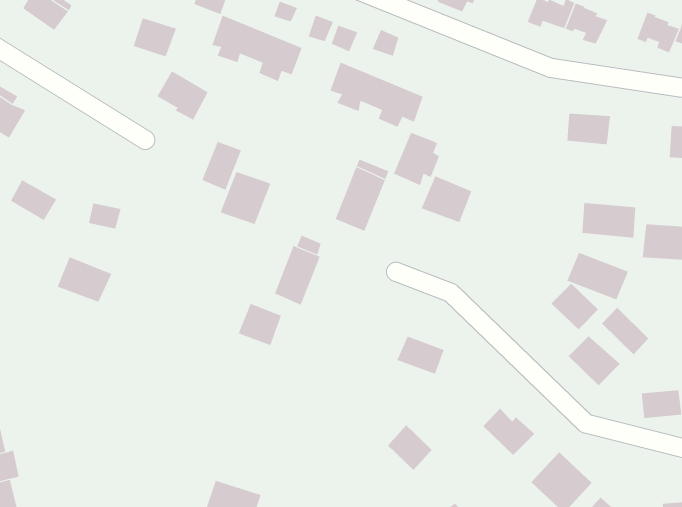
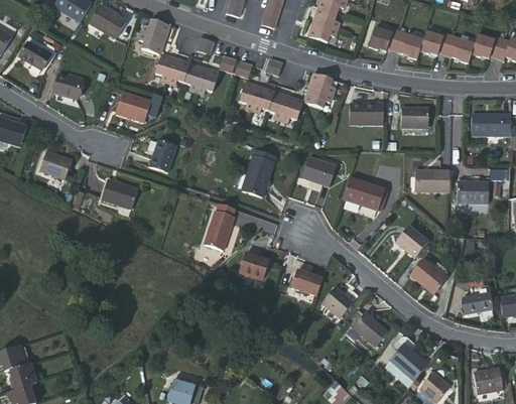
building: none -> [419,32,448,53]
building: [133,17,177,57] -> [52,74,82,100]
building: none -> [348,101,383,124]
building: [393,132,440,186] -> [301,74,333,110]
building: [220,171,271,225] -> none
building: [10,180,57,221] -> [44,152,77,179]
building: [566,252,629,300] -> [343,175,385,207]
building: [57,257,112,303] -> [103,182,140,213]
building: [238,303,282,346] -> [242,250,271,278]
building: [601,307,649,355] -> none
building: [387,425,433,471] -> [324,283,355,314]

